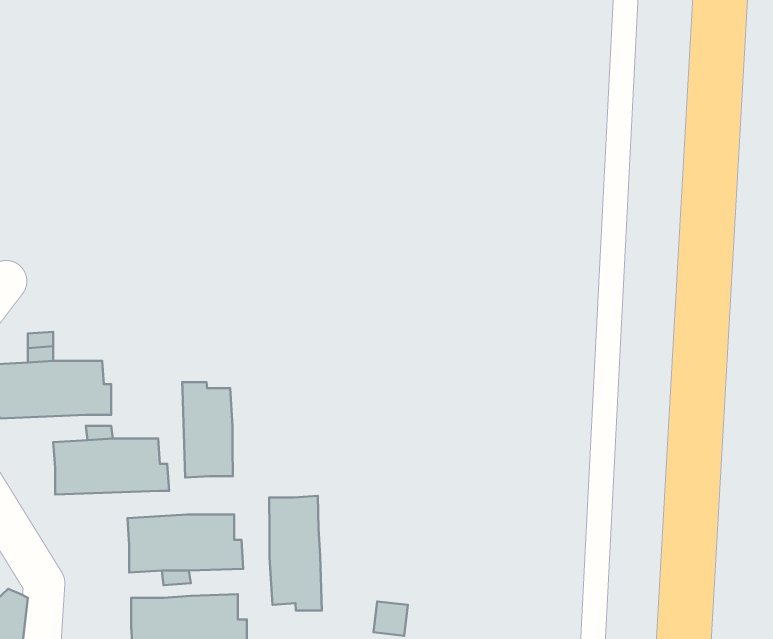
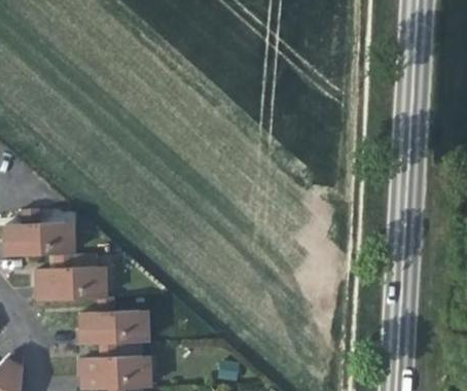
building: [182,382,233,478] -> none
building: [269,496,322,610] -> none

